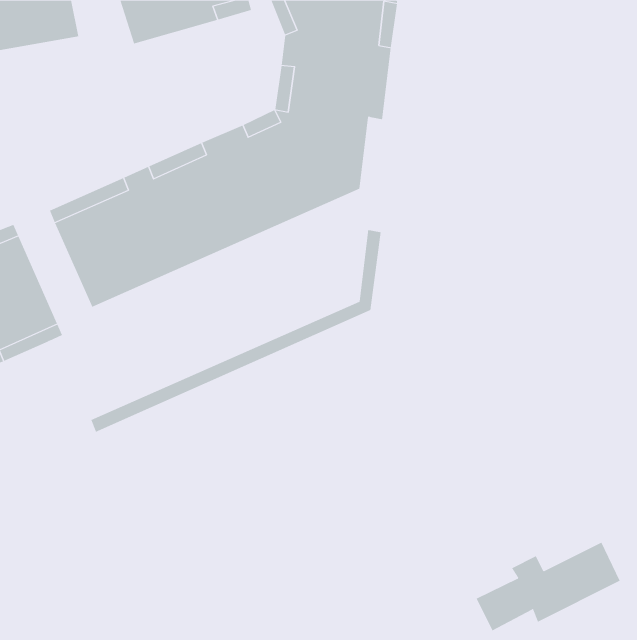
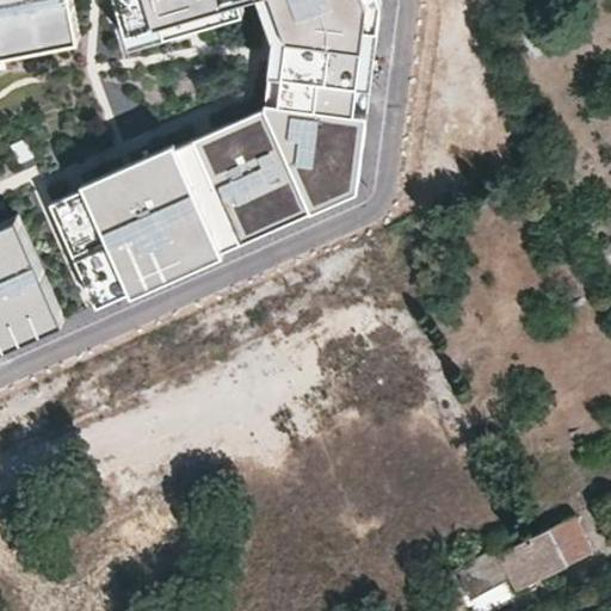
building: [91,230,381,432] -> [87,115,363,307]

